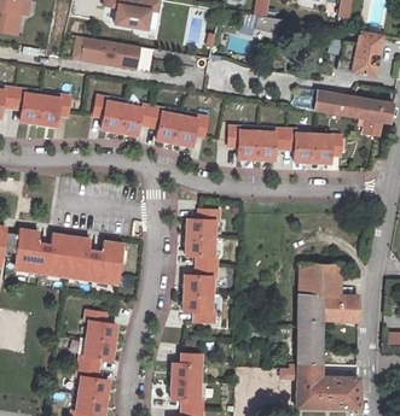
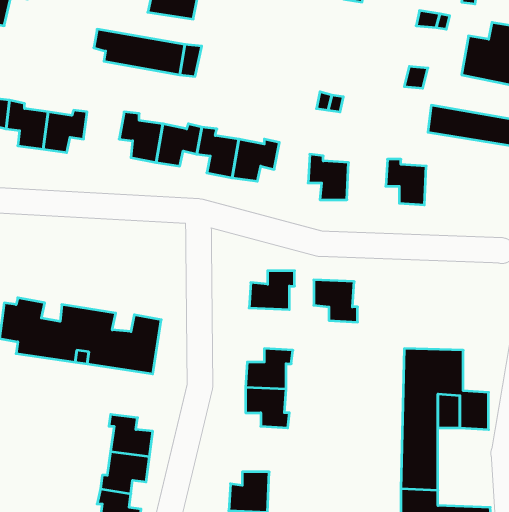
building: [256,128,285,159] -> none
building: [312,134,341,163] -> none
building: [186,235,218,265] -> [314,280,358,322]

